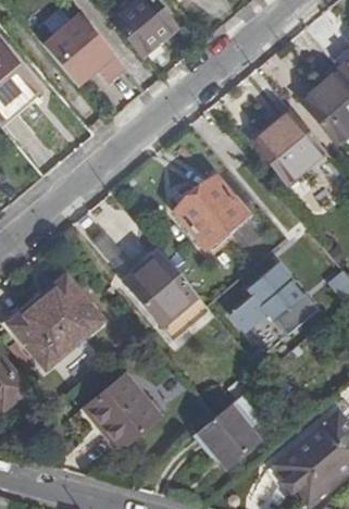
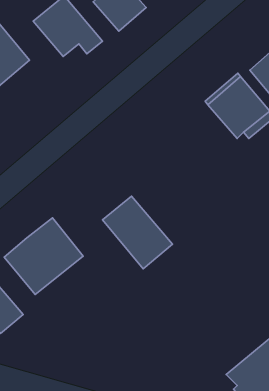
building: [174,174,248,248] -> none
building: [222,258,317,352] -> none
building: [86,375,160,450] -> none
building: [194,408,258,464] -> none

